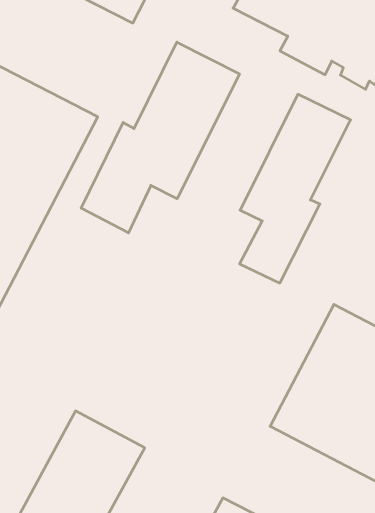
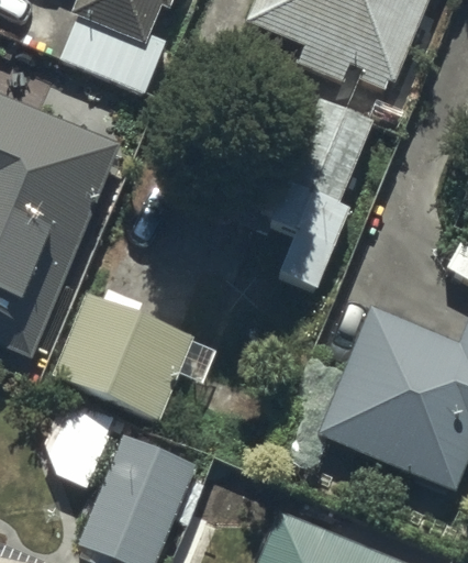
building: [81,42,239,233] -> none
building: none -> [52,294,193,420]

